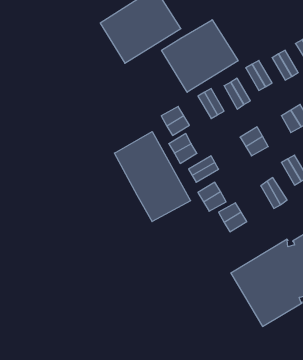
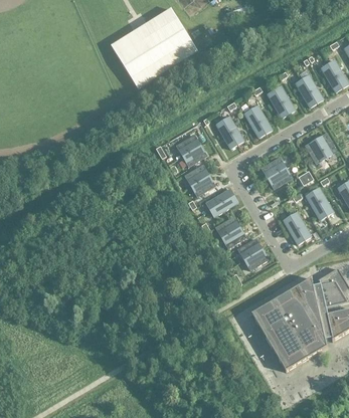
building: [162,20,238,92] -> none
building: [114,132,191,222] -> none

